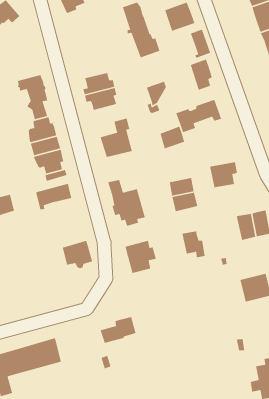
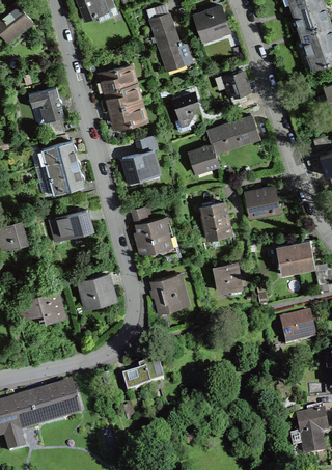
building: [190,28,211,59] -> none
building: none -> [98,65,135,93]
building: none -> [19,289,64,324]

